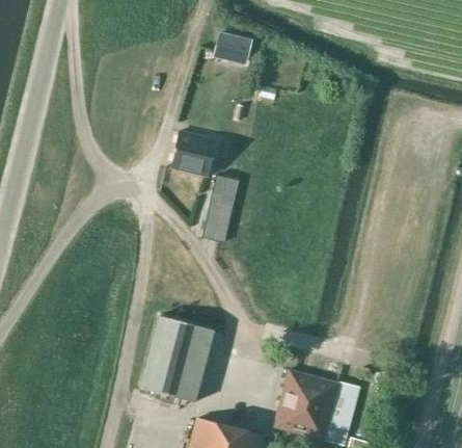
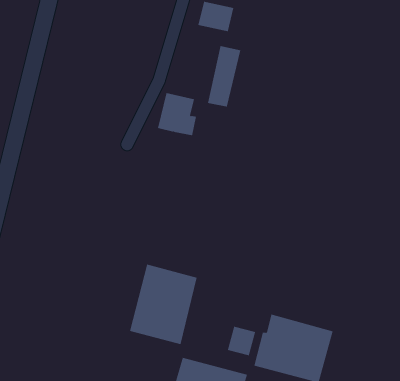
building: [203,176,240,242] -> [207,46,241,107]
building: none -> [227,326,256,356]

